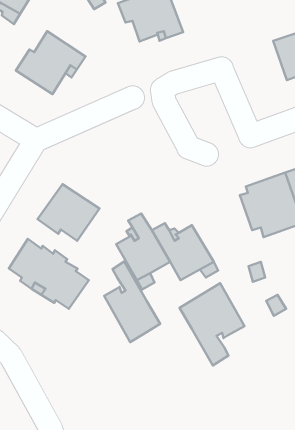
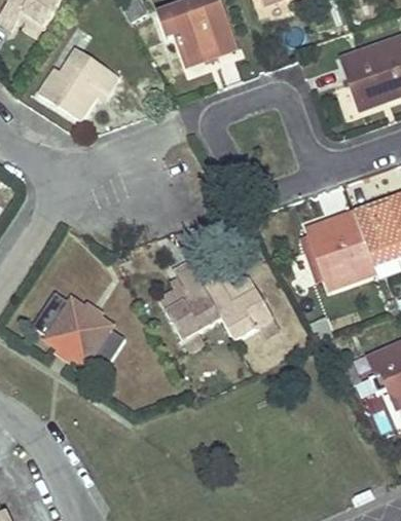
building: [38,184,99,241] -> none
building: [104,262,160,342] -> none
building: [180,283,244,365] -> none

